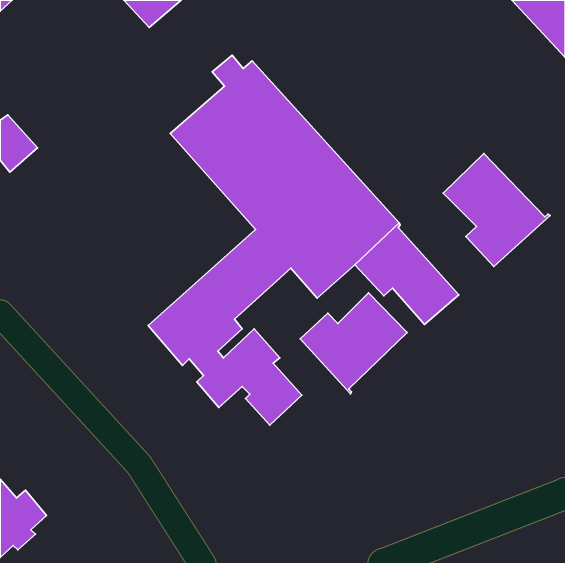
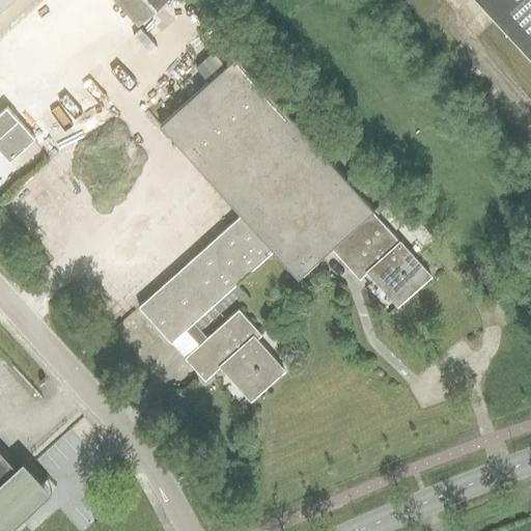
building: [443,153,550,267] -> none
building: [300,293,407,394] -> none

